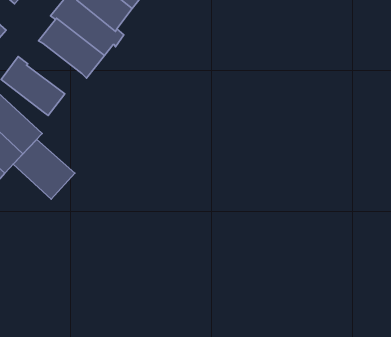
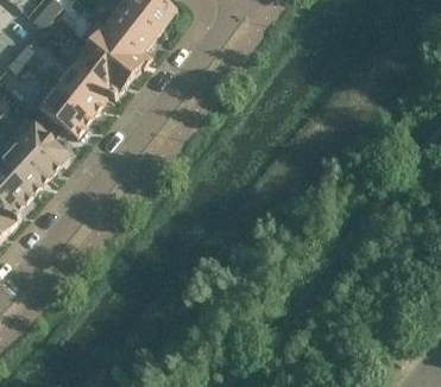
building: none -> [55,66,109,116]
building: [13,139,75,199] -> none

